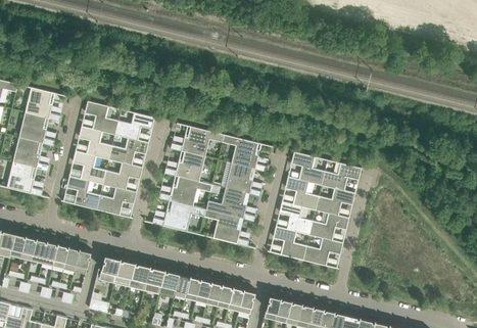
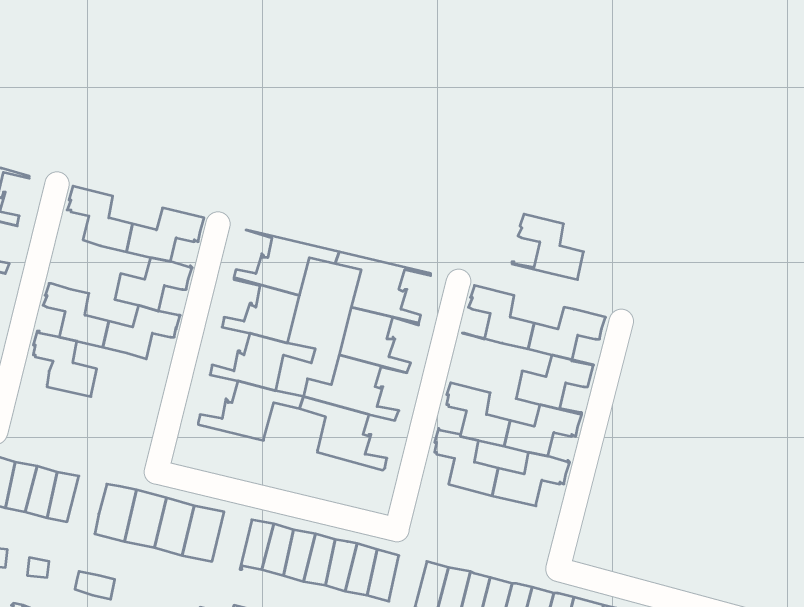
building: [78,126,111,159] -> none
building: [281,177,318,210] -> [512,214,584,280]
building: [96,187,136,216] -> none
building: [158,269,179,298] -> none

